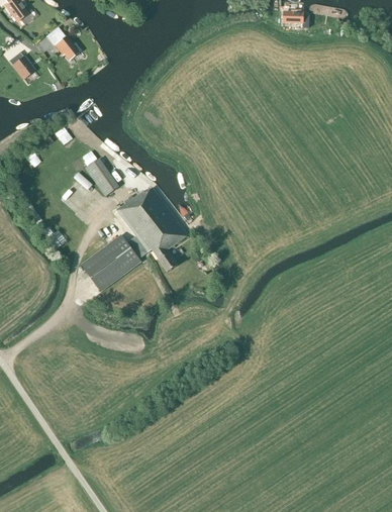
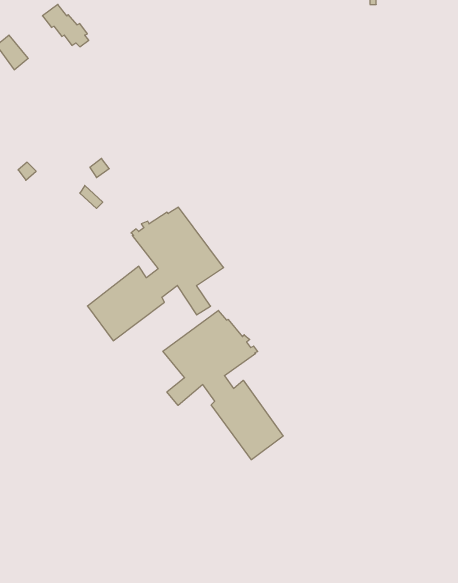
building: [85,158,119,196] -> none
building: none -> [163,310,283,460]

